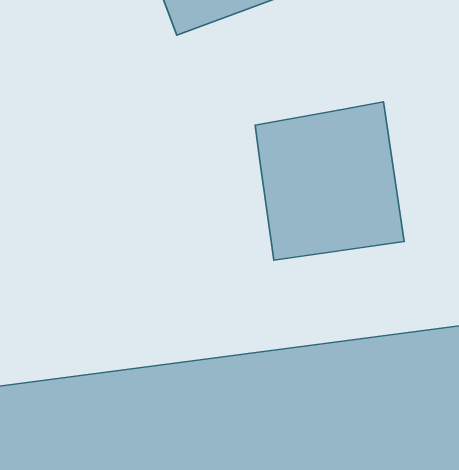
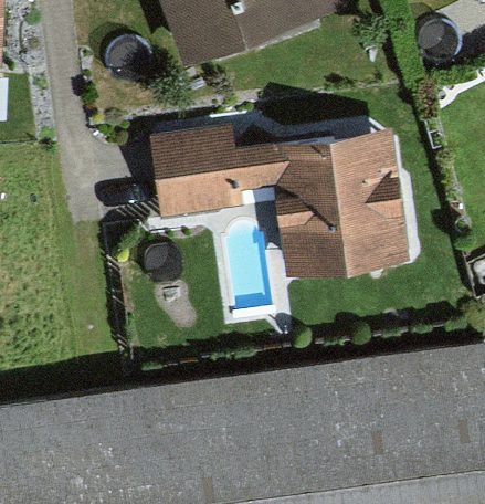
building: none -> [150,130,272,214]

